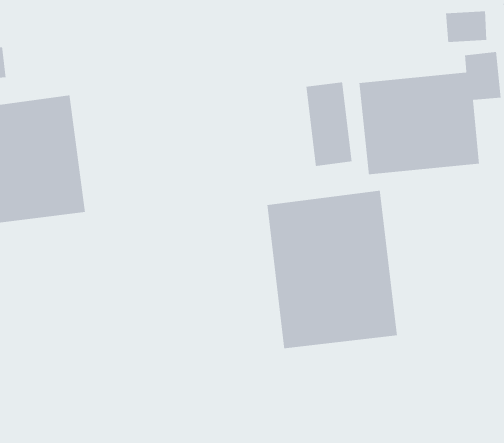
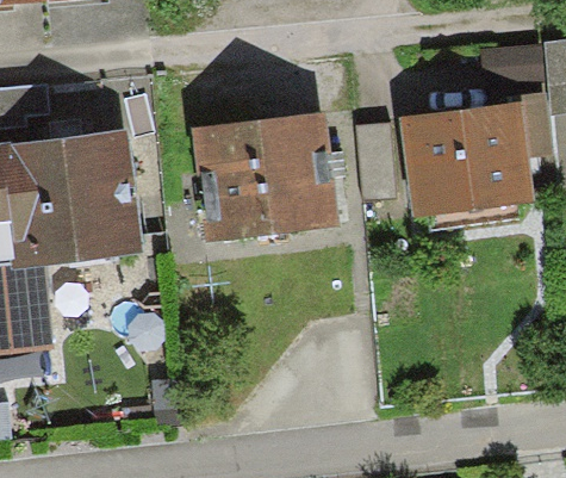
building: none -> [205,120,335,240]
building: [266,190,398,349] -> none

